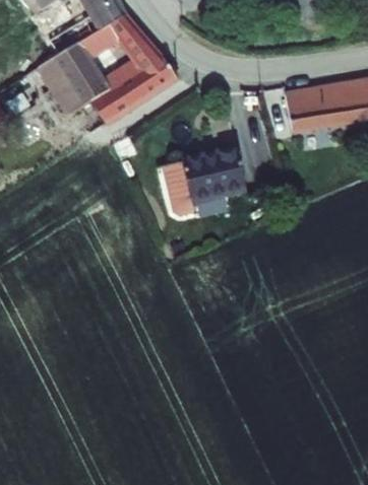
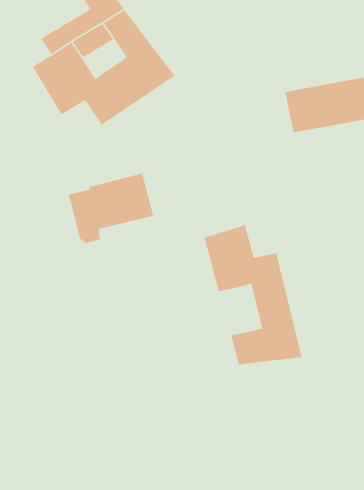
building: [162,146,246,216] -> [68,172,154,244]
building: none -> [204,224,303,365]

